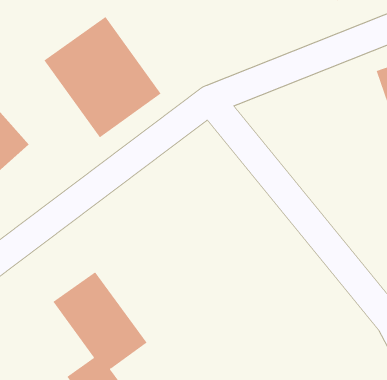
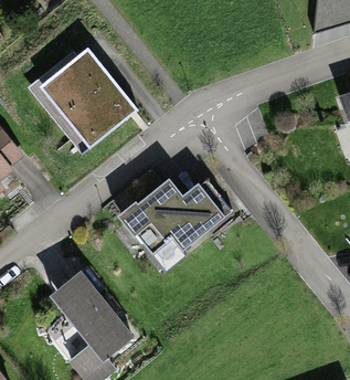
building: none -> [126,177,230,267]

